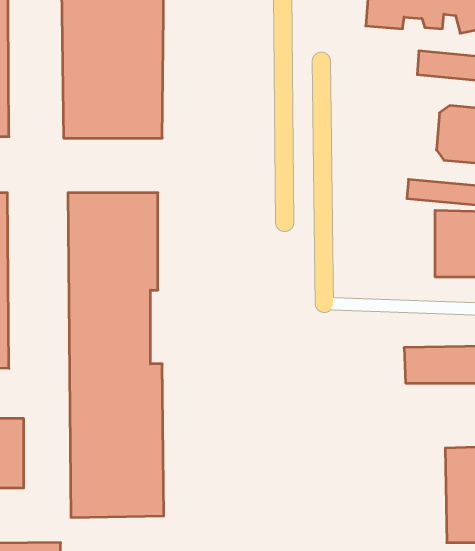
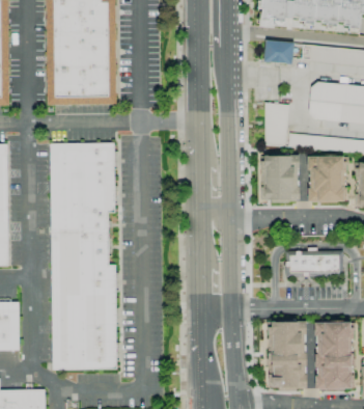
building: none -> [263,40,295,64]
building: none -> [264,103,289,146]
building: none -> [260,155,300,201]
building: none -> [265,322,306,388]

